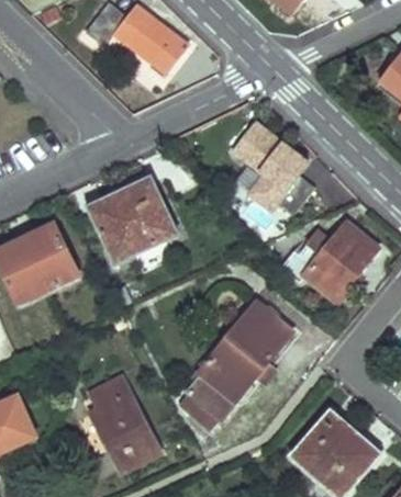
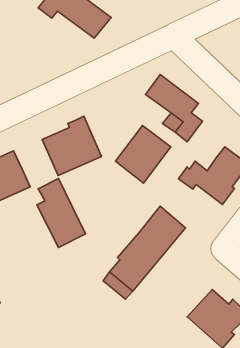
building: none -> [115,126,171,183]
building: [90,375,157,470] -> [37,178,86,248]

